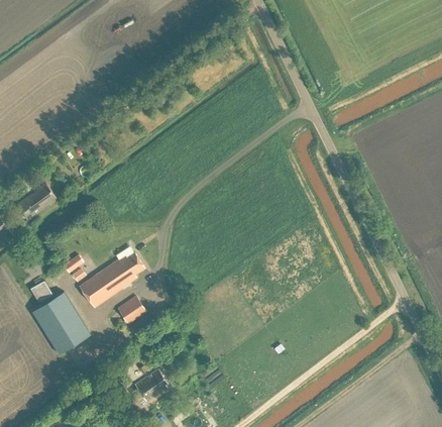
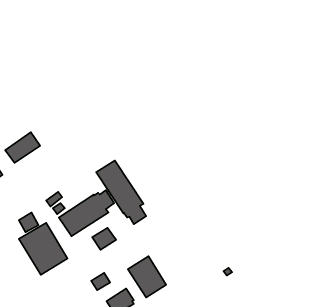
building: none -> [96,161,146,224]
building: none -> [128,256,166,297]

